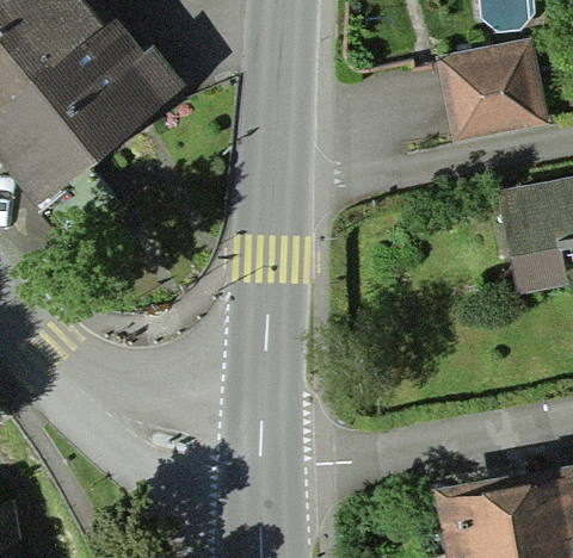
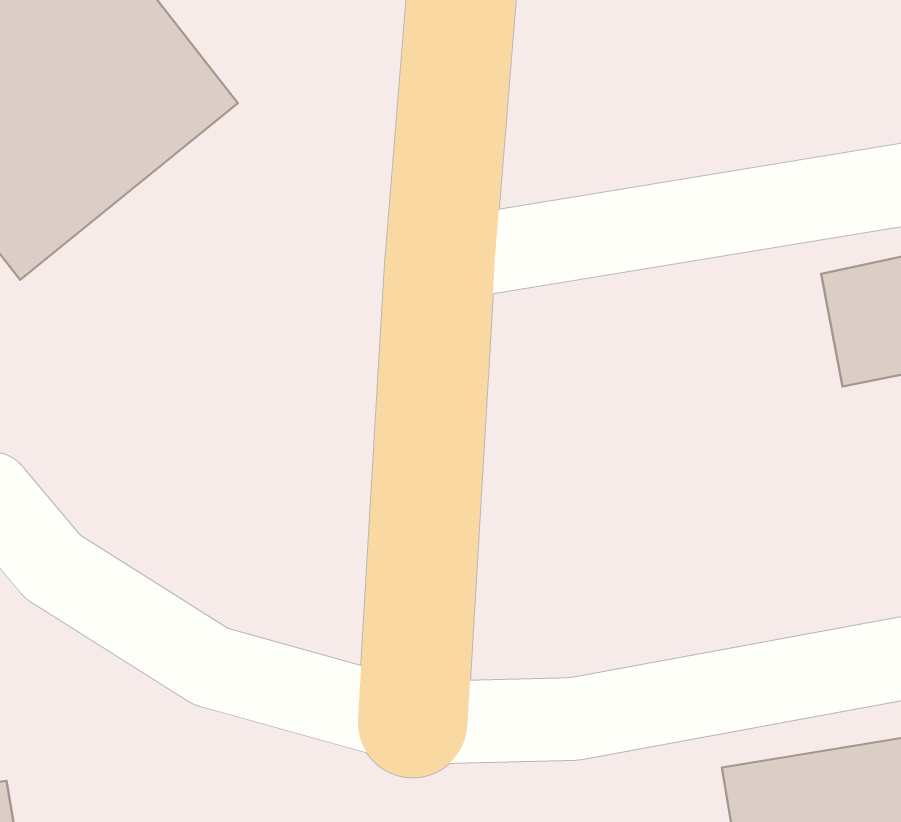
building: [437,41,549,144] -> none

